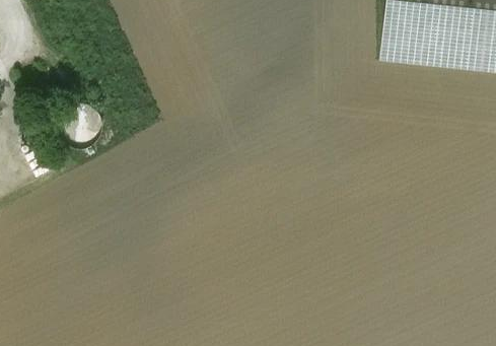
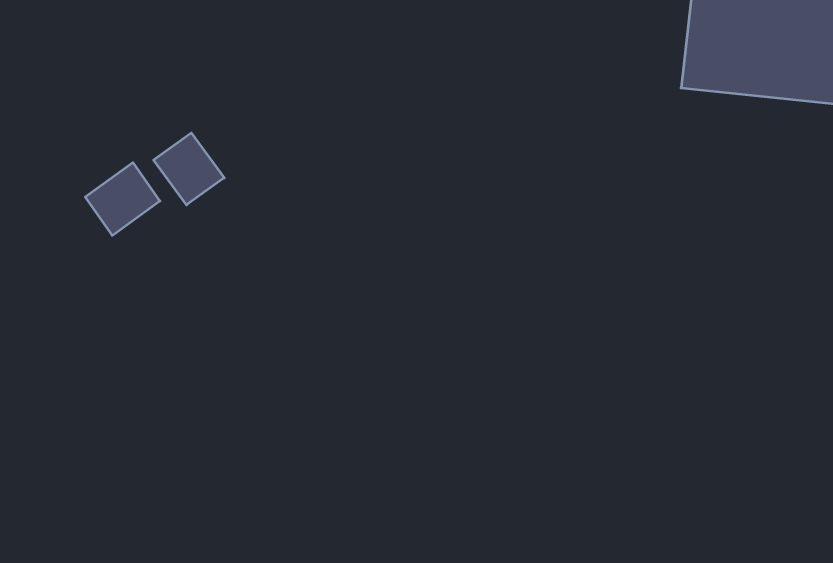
building: none -> [154,133,224,205]

